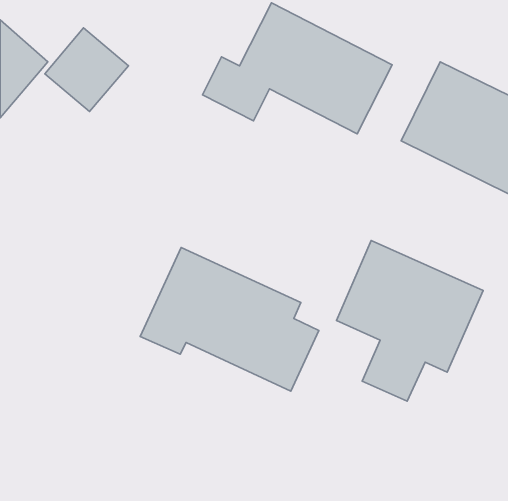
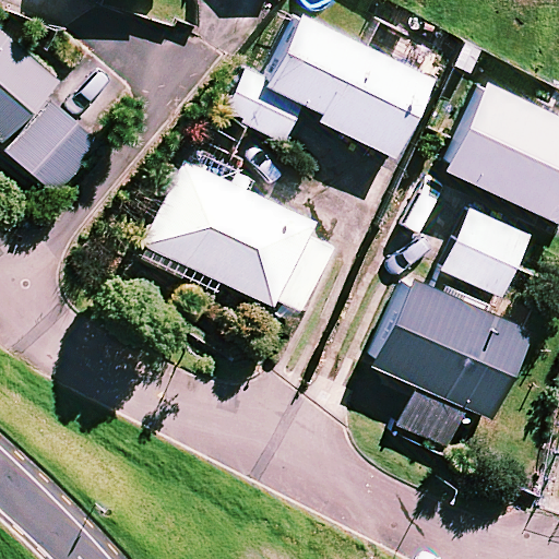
building: [45,28,129,112] -> [9,104,100,195]
building: none -> [439,210,530,299]
building: [140,248,319,391] -> [136,162,332,319]

